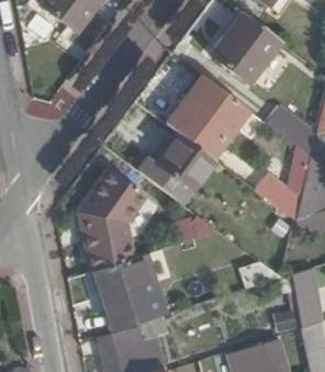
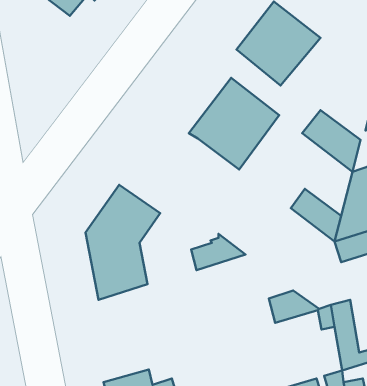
building: [136,131,216,203] -> none
building: [93,250,170,329] -> none

